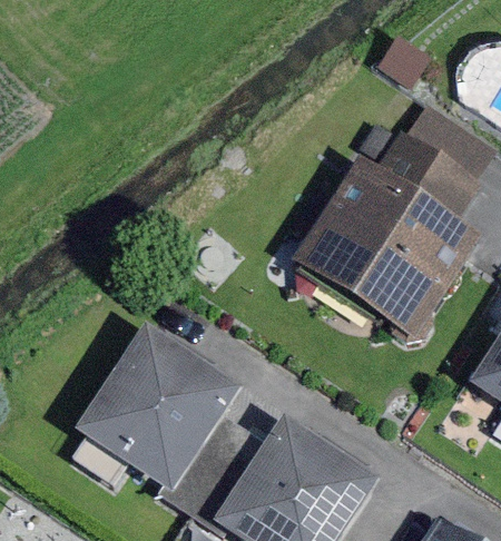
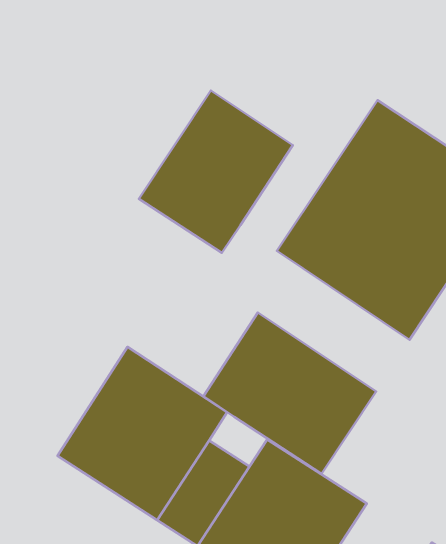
building: none -> [139,91,293,253]
building: none -> [204,313,376,474]

